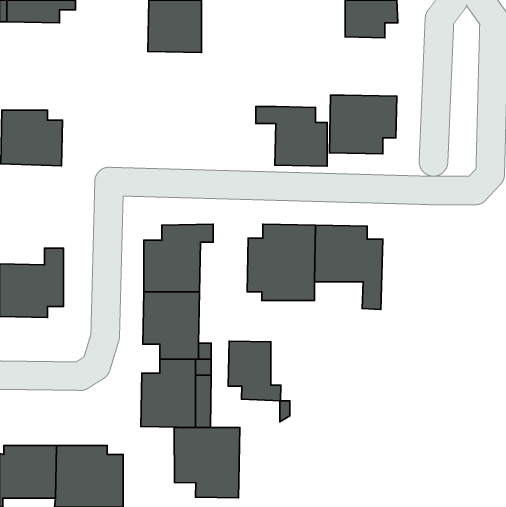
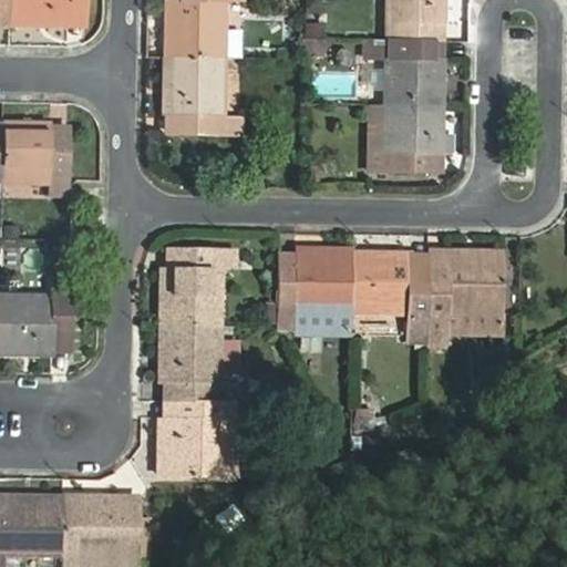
building: none -> [164,58,240,134]
building: [256,107,327,166] -> [363,41,443,107]
building: none -> [425,252,504,349]
building: [228,341,281,401] -> none
building: [174,428,240,498] -> none

